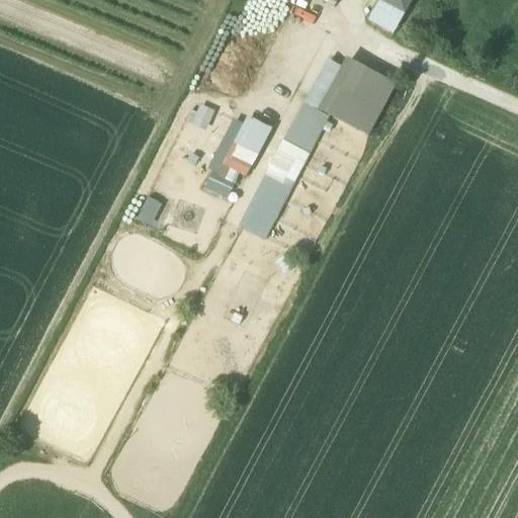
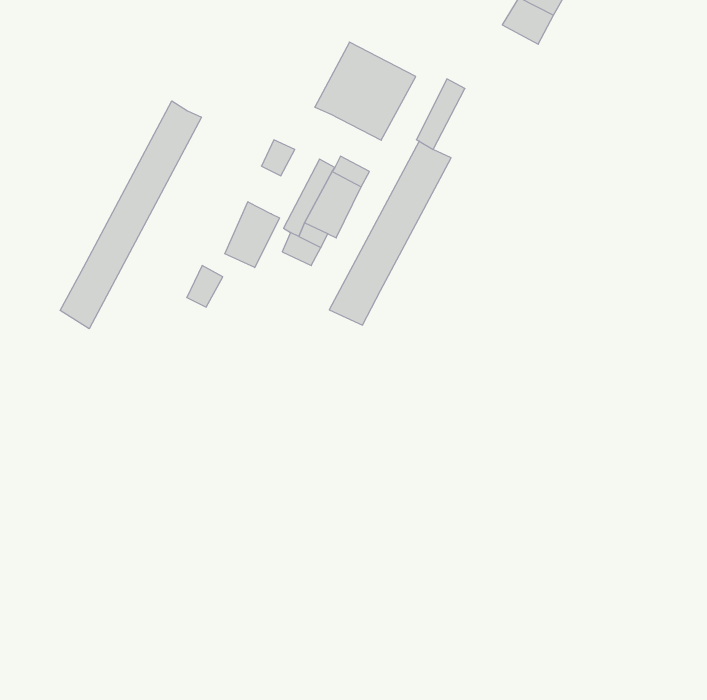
building: [320,61,394,133] -> [315,42,416,140]
building: none -> [60,101,201,329]
building: none -> [225,202,280,268]

